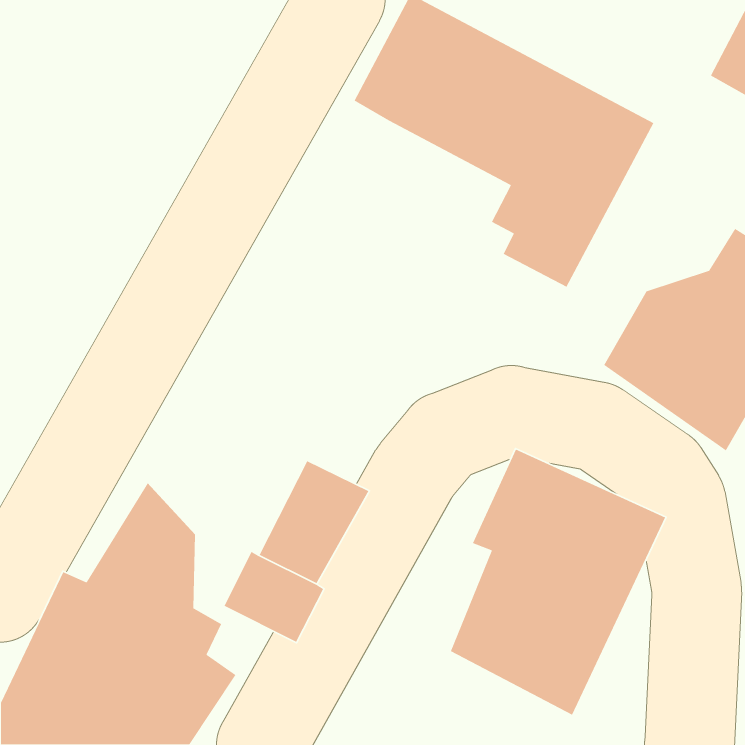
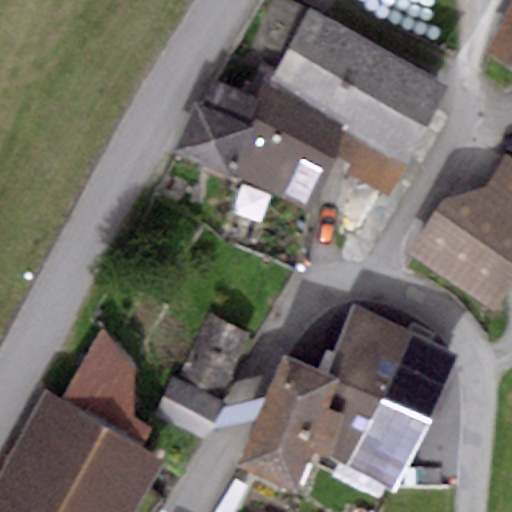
building: none -> [174,80,350,212]
building: none -> [241,353,337,490]

